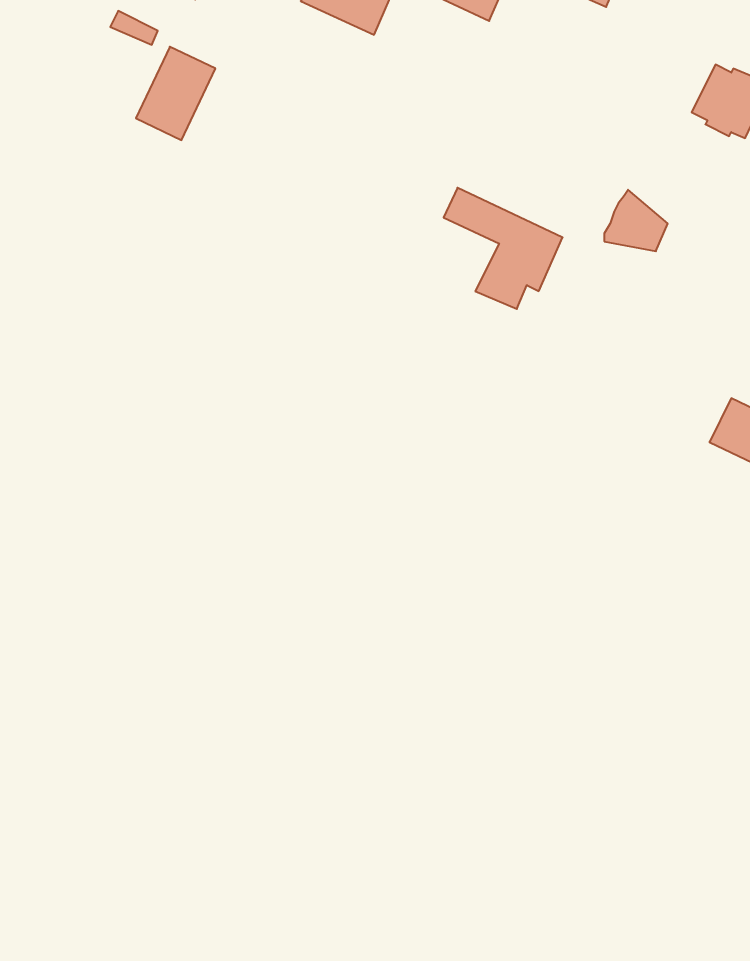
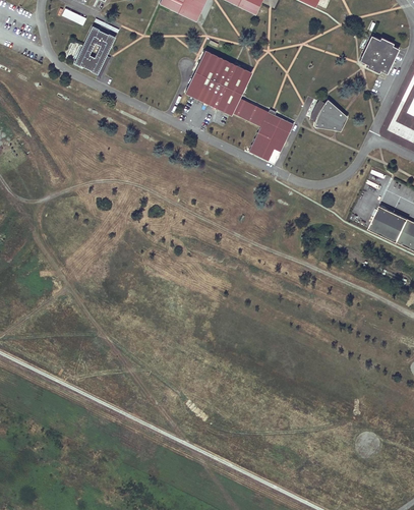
building: none -> [183,49,250,114]

